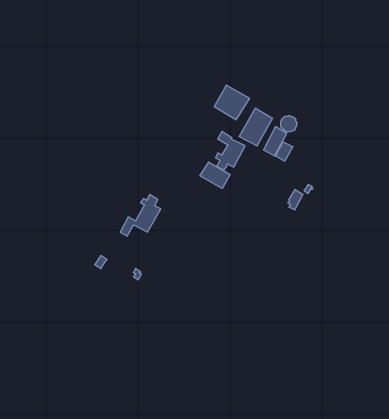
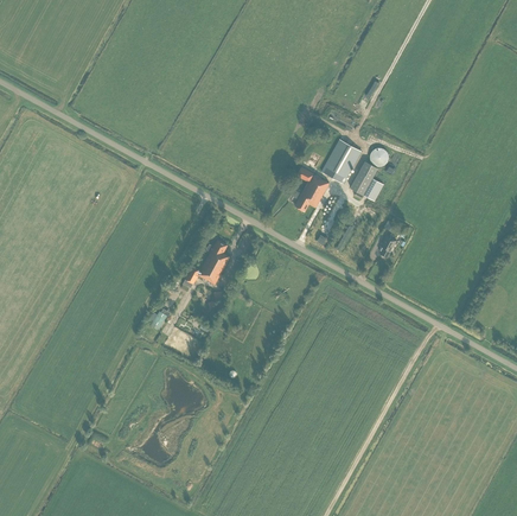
building: [214,85,249,120] -> none
building: [200,162,230,188] -> none

